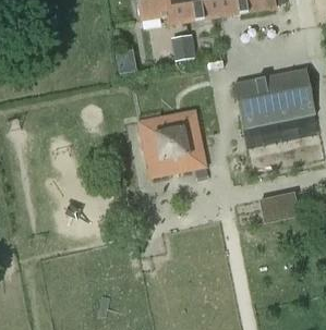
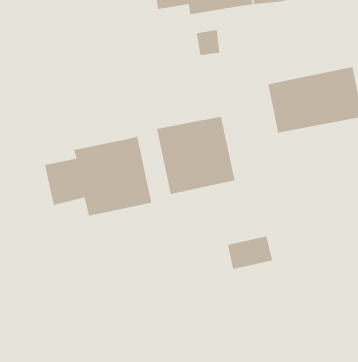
building: none -> [44,136,152,216]
building: [261,192,300,221] -> [227,235,273,270]

